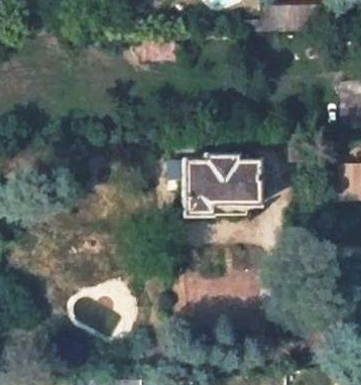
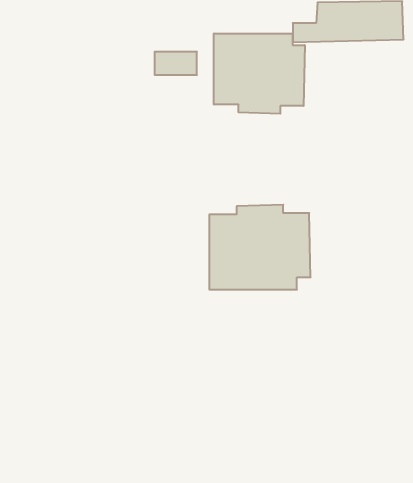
building: none -> [214,33,305,114]

